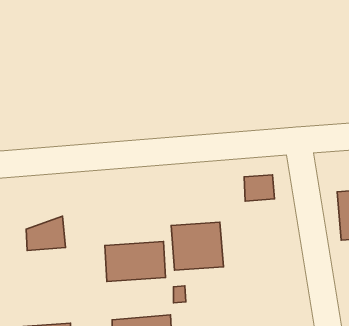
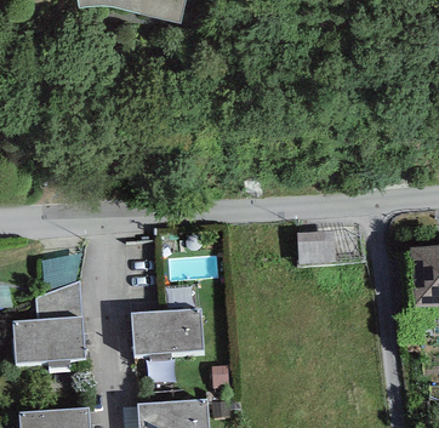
building: [171,222,223,270] -> none
building: none -> [12,318,86,366]

